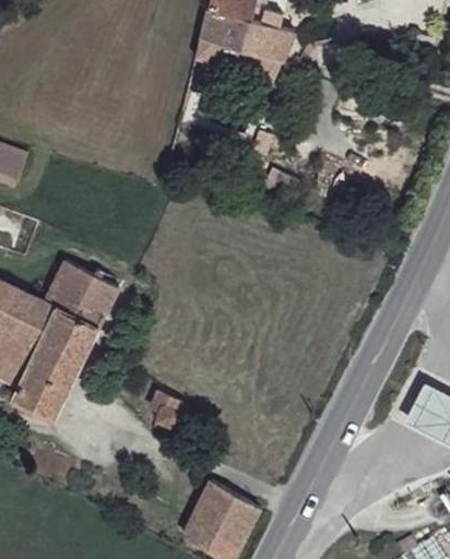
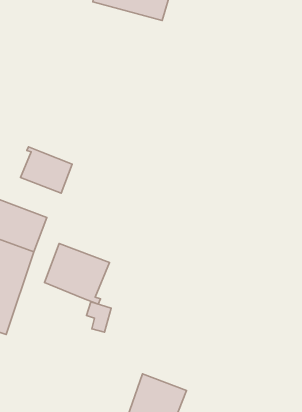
building: none -> [20,147,72,193]
building: none -> [45,243,109,304]

